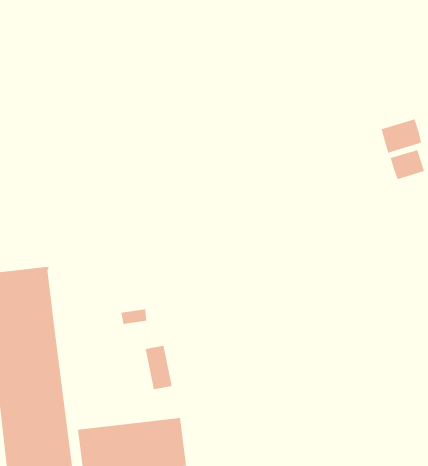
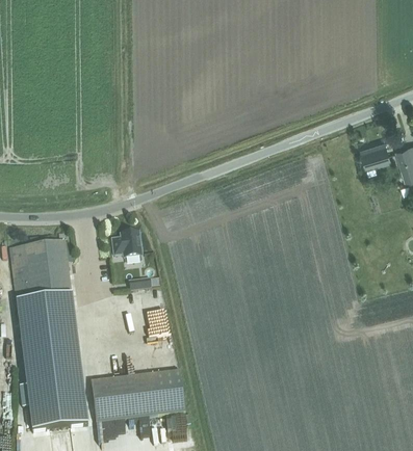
building: [381,118,422,154] -> none
building: none -> [112,232,141,258]

